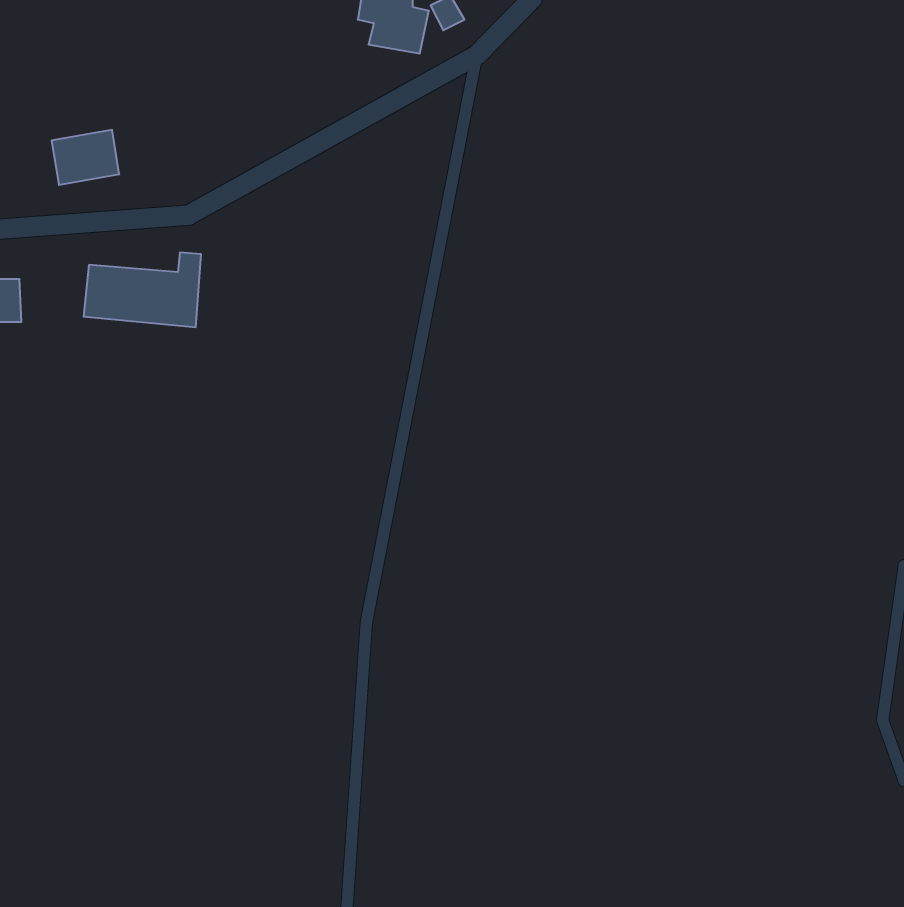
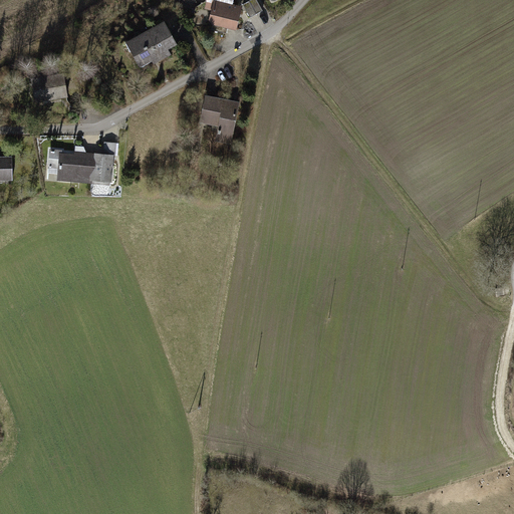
building: none -> [125,21,177,67]
building: none -> [199,95,238,144]

